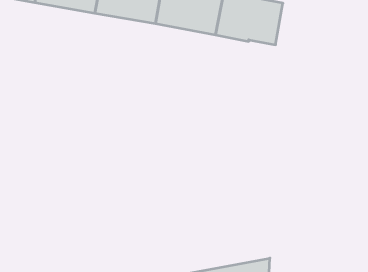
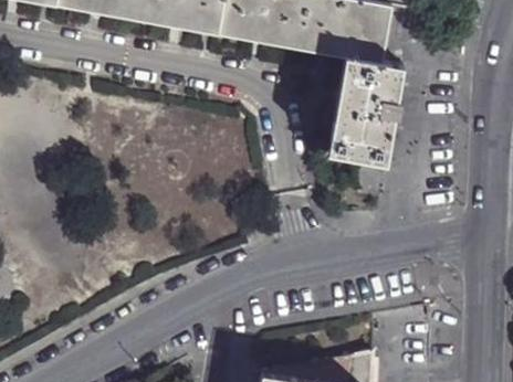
building: none -> [328,57,402,166]

